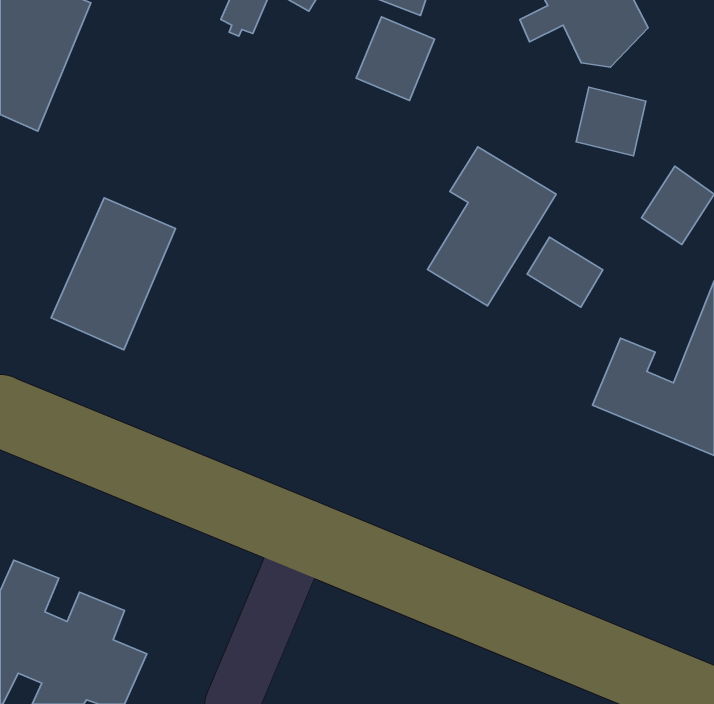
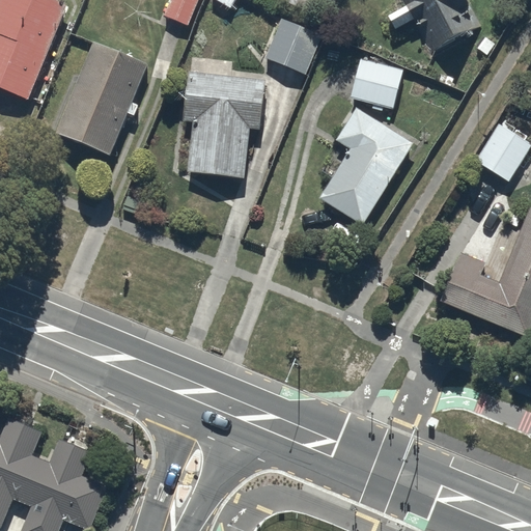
building: none -> [181,51,264,179]
building: [576,87,646,156] -> [351,57,402,108]
building: [51,198,175,350] -> [56,36,148,149]
building: [527,237,603,307] -> none

